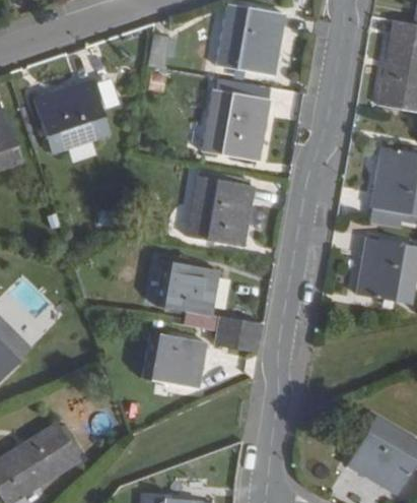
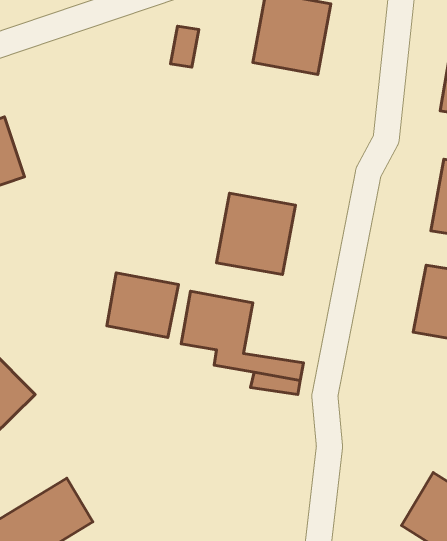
building: [33,80,110,153] -> none
building: [203,88,270,161] -> none
building: [144,331,206,387] -> [107,273,179,338]

